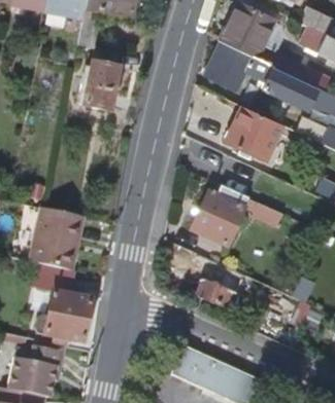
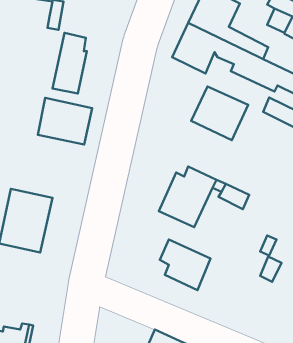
building: none -> [38,98,92,144]
building: [35,277,92,344] -> none

